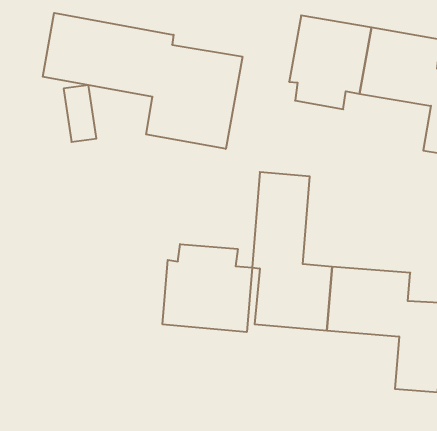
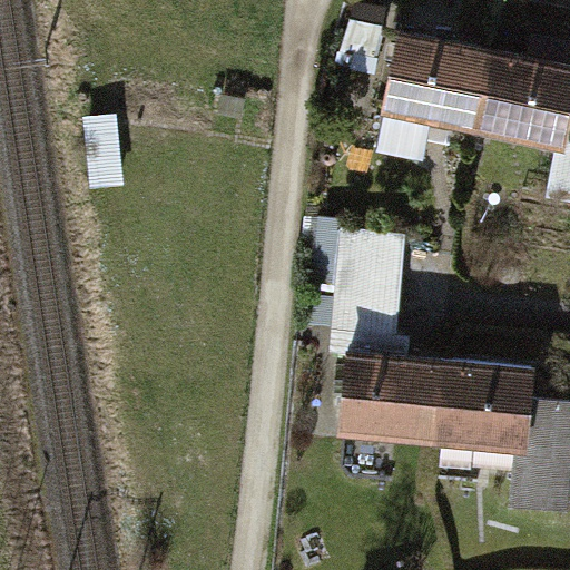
building: [43,13,242,149] -> none
building: [163,244,252,332] -> none

